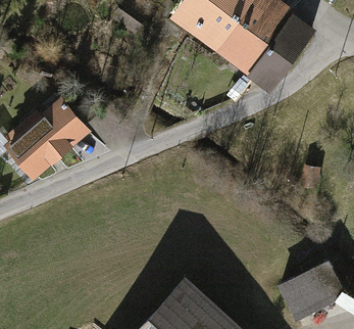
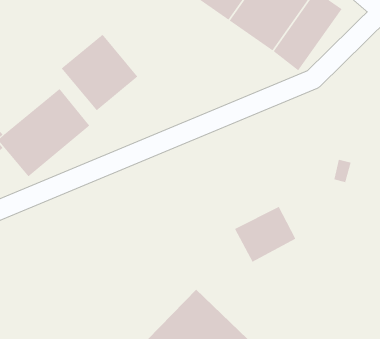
building: none -> [61,34,138,111]
building: [288,264,344,315] -> [234,206,296,263]

